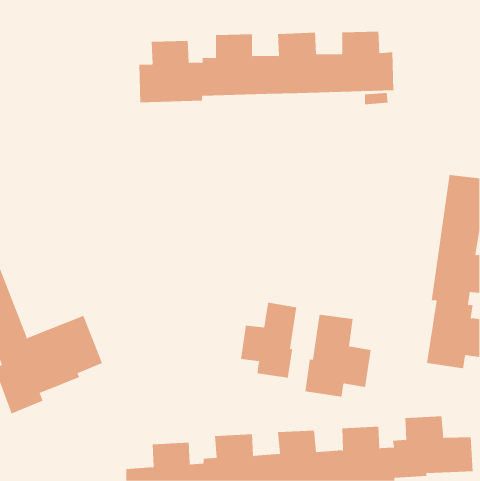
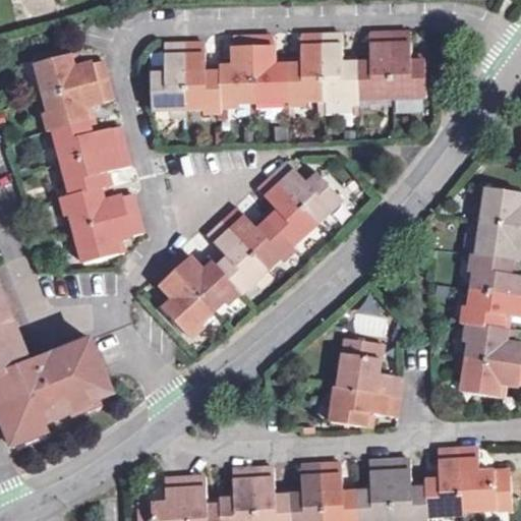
building: none -> [35,53,141,264]
building: none -> [153,162,342,336]
building: [240,302,297,379] -> none

